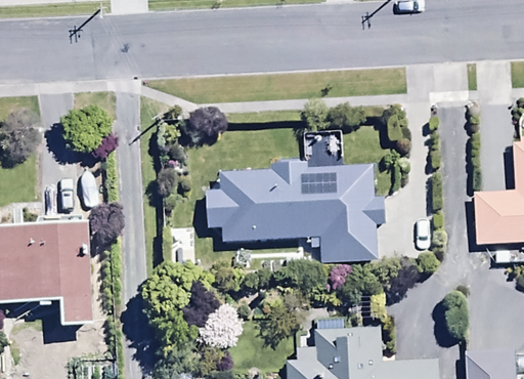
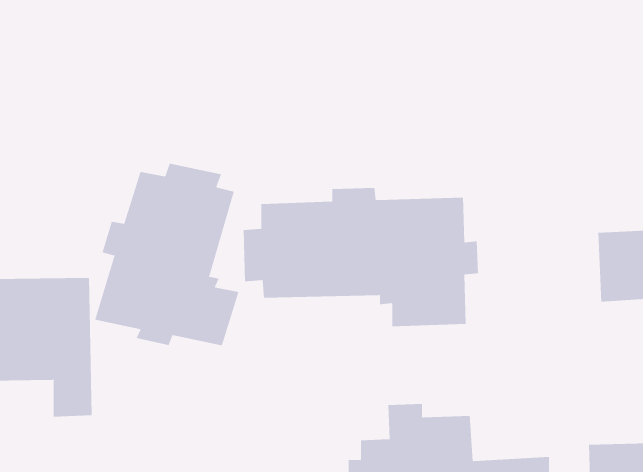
building: none -> [94,163,239,346]

